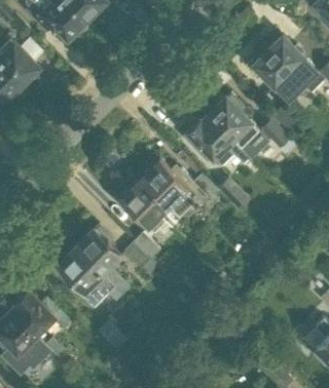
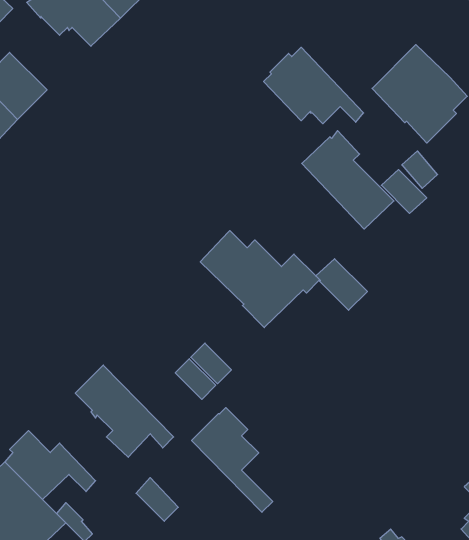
building: [182,115,248,165] -> [264,47,364,124]
building: [118,180,169,233] -> none
building: [76,226,130,295] -> [192,408,273,512]

